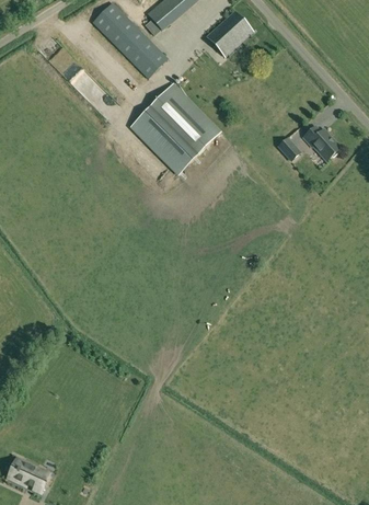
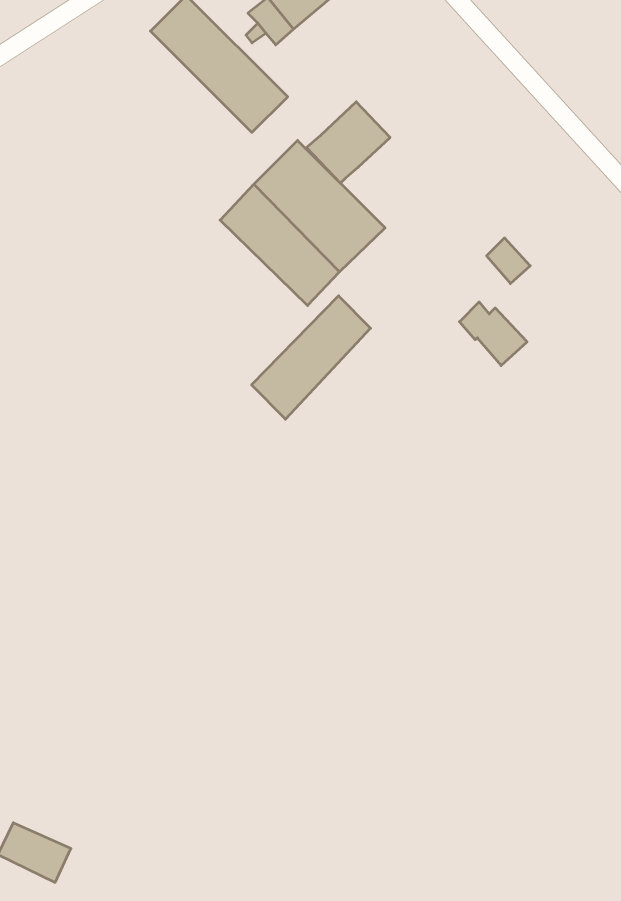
building: [207,10,253,55] -> [307,102,390,183]
building: [303,125,341,160] -> [459,302,527,366]
building: none -> [252,296,371,419]

